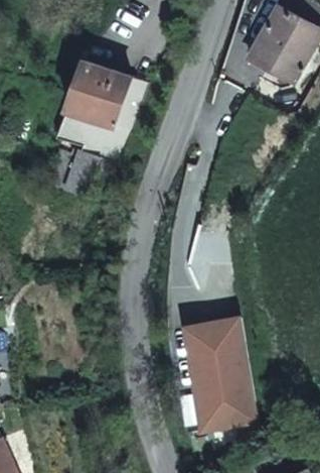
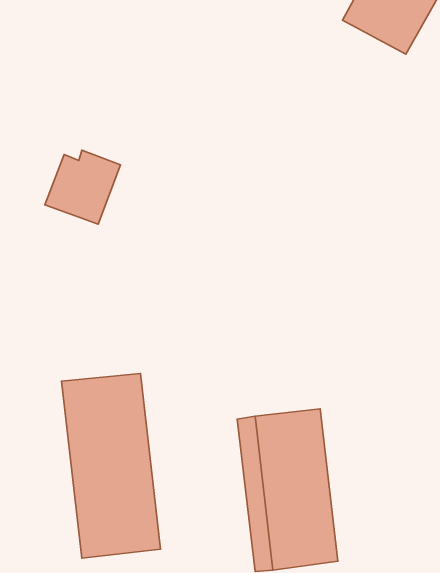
building: [55,57,148,142] -> none
building: none -> [61,374,160,558]

